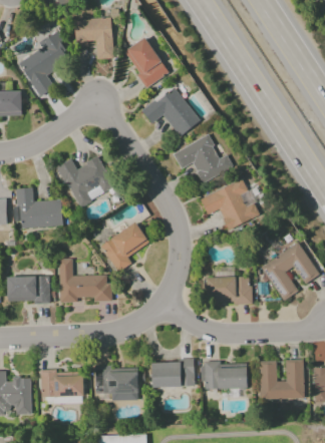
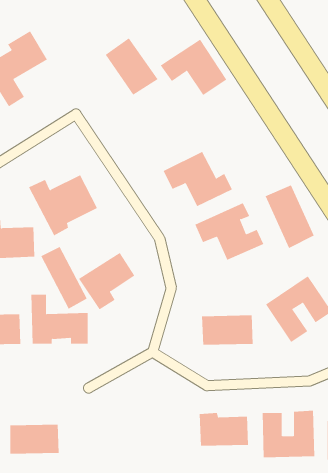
building: [73,18,112,59] -> none
building: [140,87,199,136] -> [160,39,227,96]
building: none -> [265,185,314,249]
building: none -> [40,246,87,310]
building: [150,361,194,387] -> none
building: [94,367,137,401] -> none

